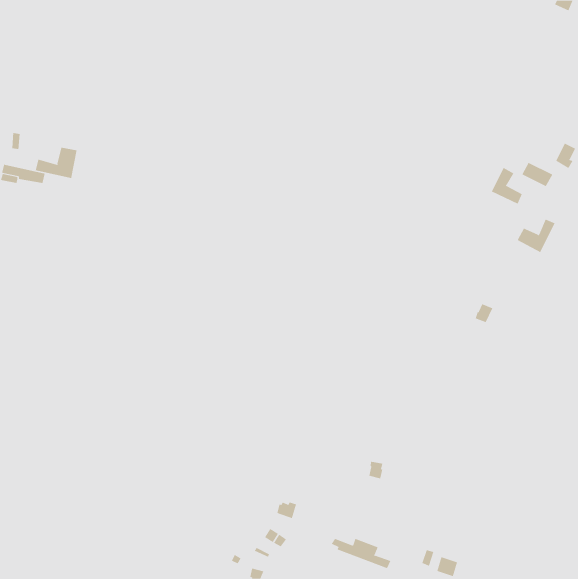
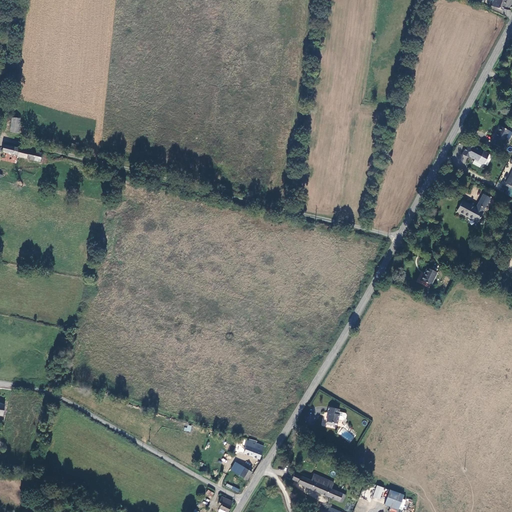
building: [35,147,77,179] -> none
building: [491,167,523,205] -> none

